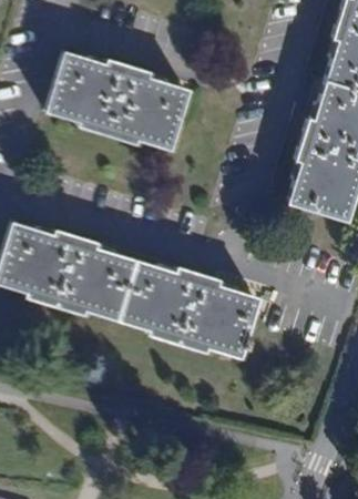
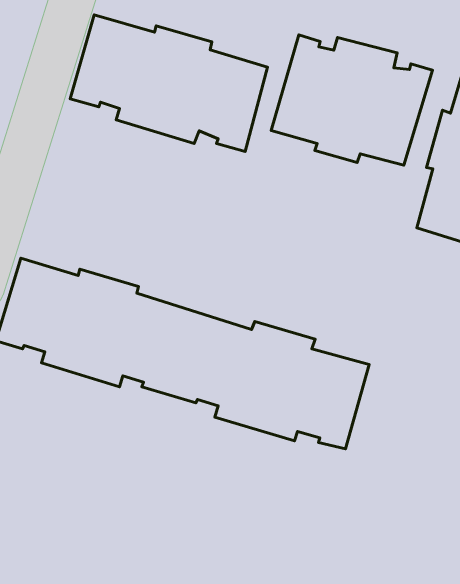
building: none -> [271,35,432,165]

